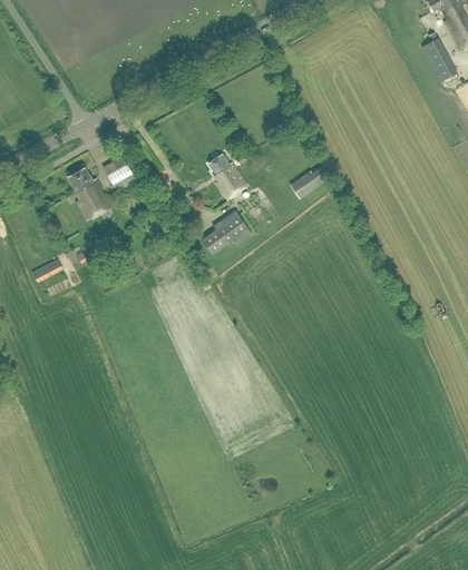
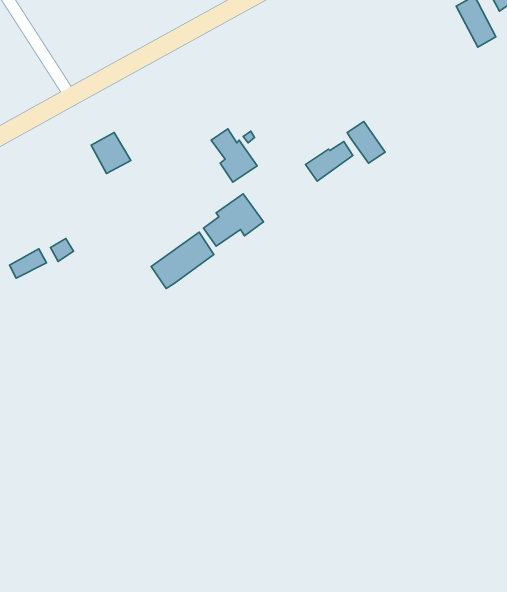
building: none -> [347,121,385,163]
building: [66,166,111,219] -> none
building: none -> [151,232,214,289]

